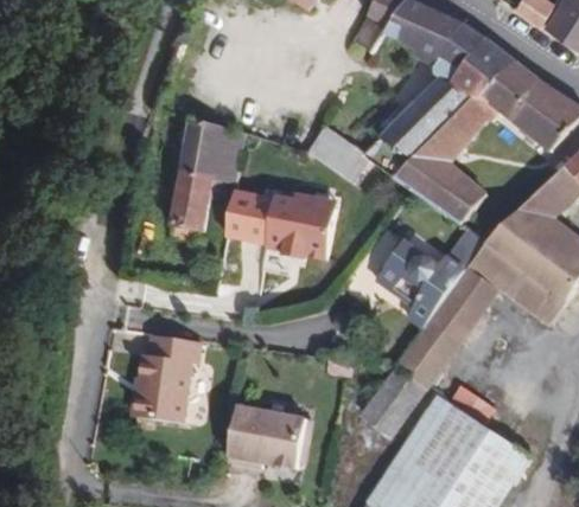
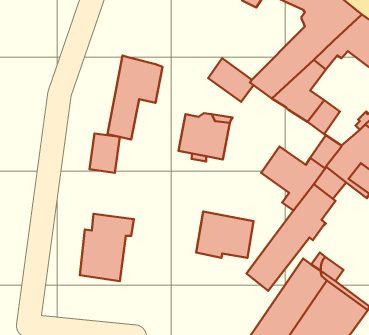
building: [229,188,271,242] -> [89,133,120,173]
building: [225,405,304,468] -> [196,212,254,258]

